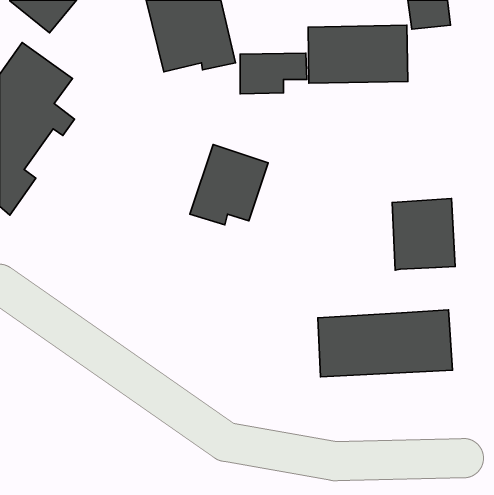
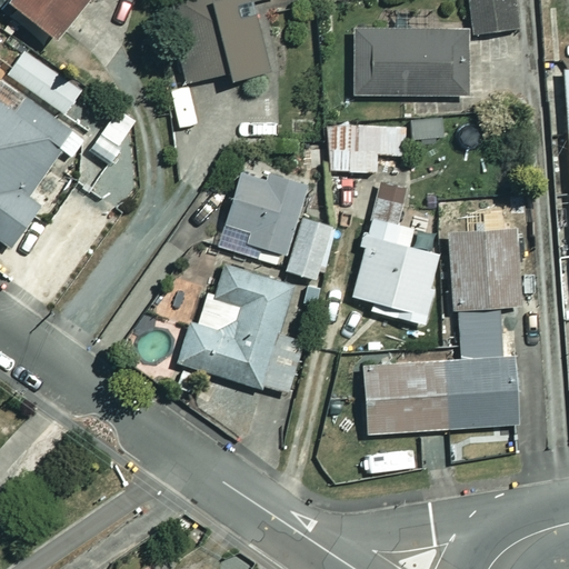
building: [240,53,307,94] -> [329,124,406,171]
building: none -> [288,218,335,279]
building: none -> [353,218,440,322]
building: none -> [166,261,309,396]
building: none -> [459,307,515,359]

